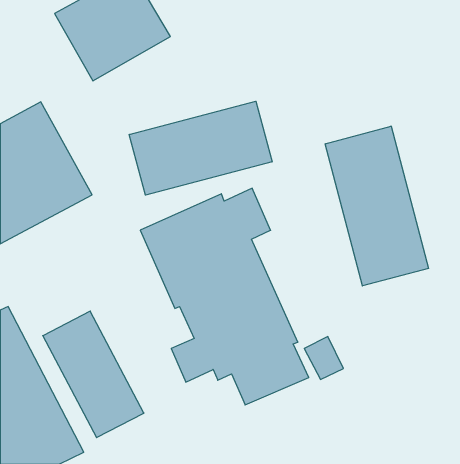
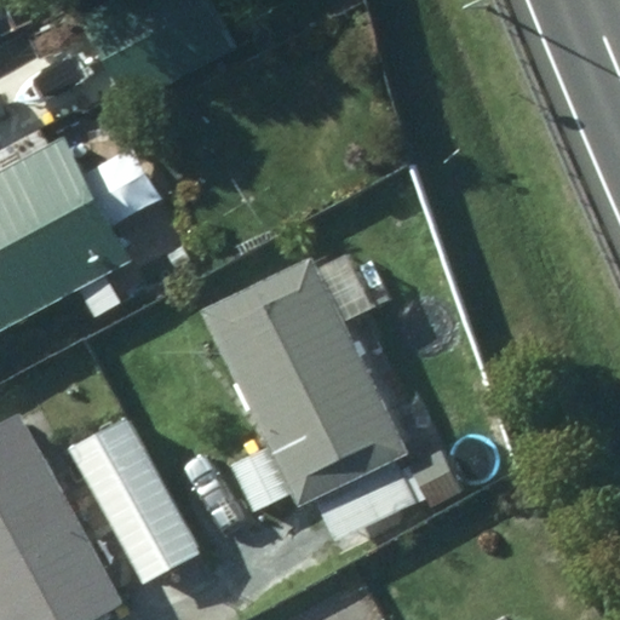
building: [129,101,272,195] -> none
building: [325,126,428,286] -> none

